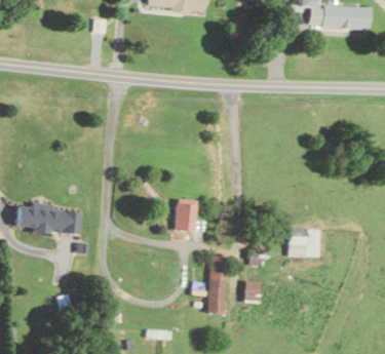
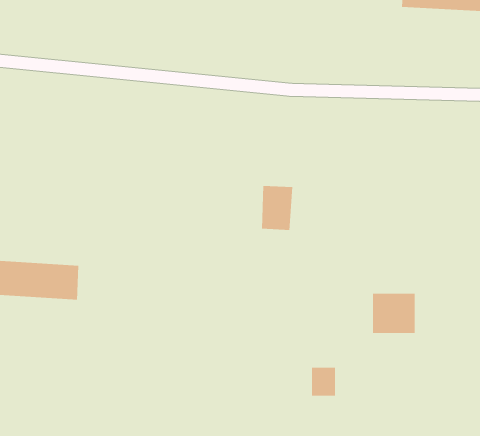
building: [174,200,196,232] -> [261,185,293,230]
building: [207,257,226,314] -> none

